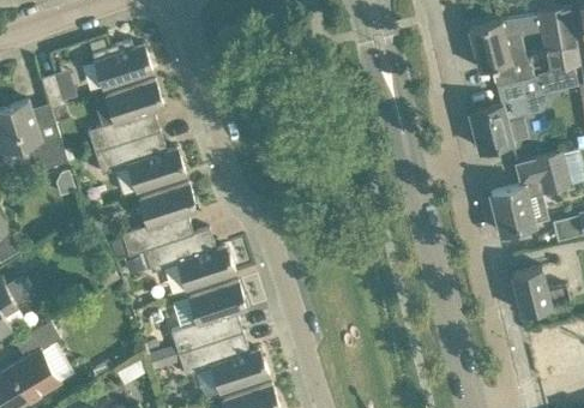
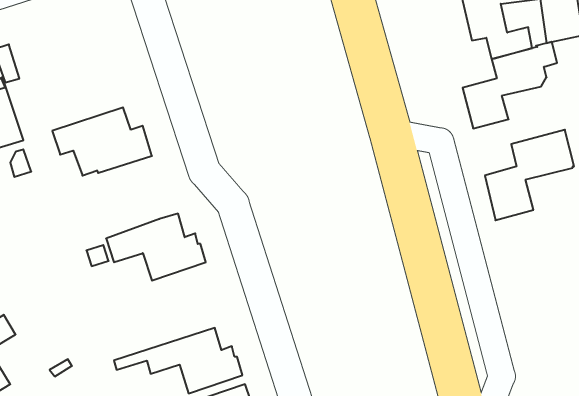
building: [92,41,152,88] -> none
building: [88,80,164,152] -> none
building: [109,184,195,257] -> none
building: [511,266,570,314] -> none
building: [149,281,245,362] -> none

